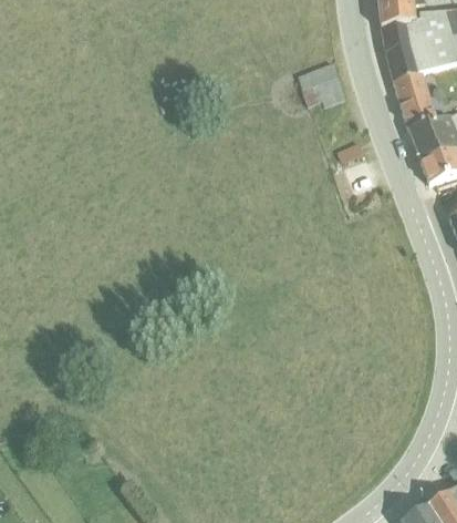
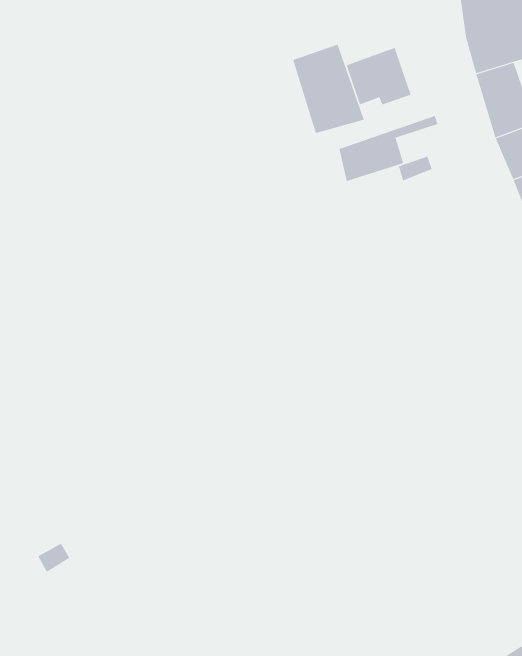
building: none -> [292,44,365,134]
building: none -> [339,115,438,182]

